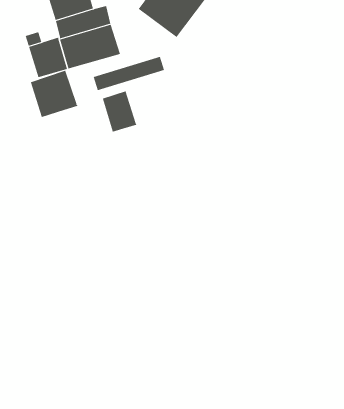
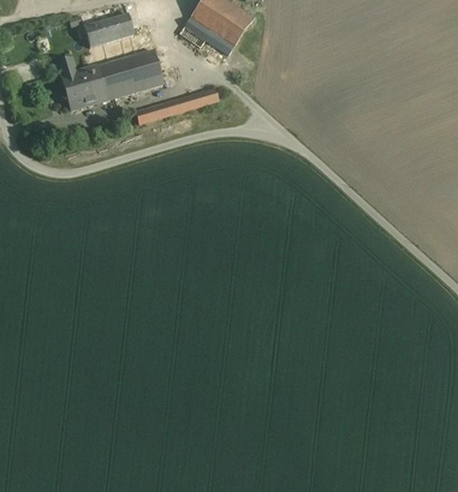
building: [30,70,79,118] -> none
building: [102,90,137,133] -> none

